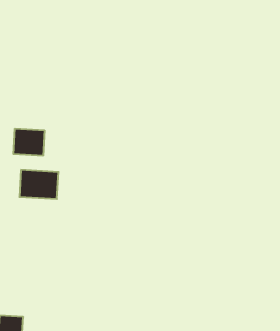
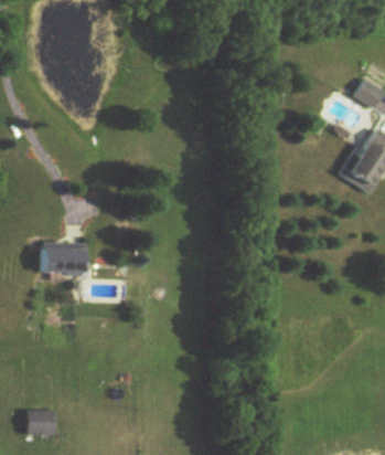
building: [13,129,44,156] -> none

